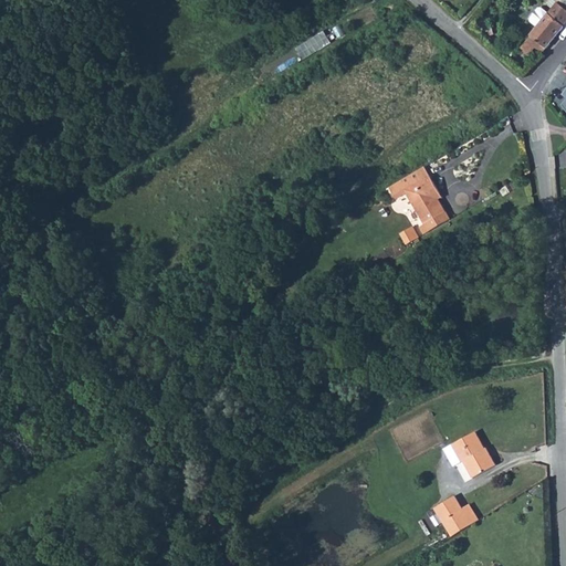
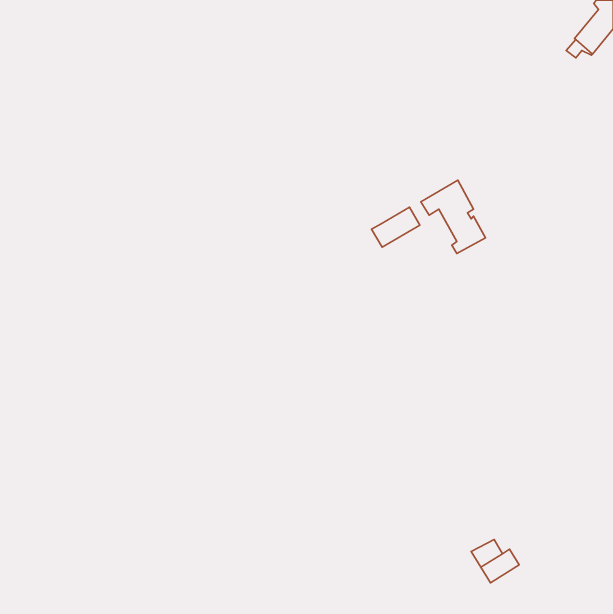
building: none -> [371,207,420,247]
building: [442,431,494,478] -> none

